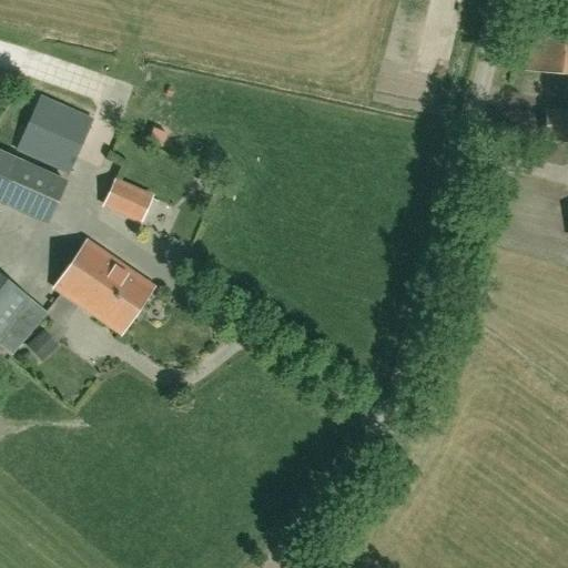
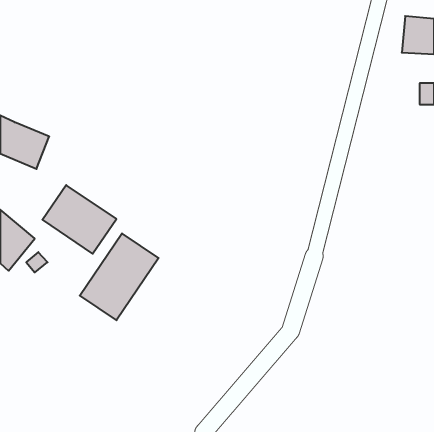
building: [17,95,92,172] -> none
building: [104,180,150,220] -> none
building: none -> [80,233,159,320]

